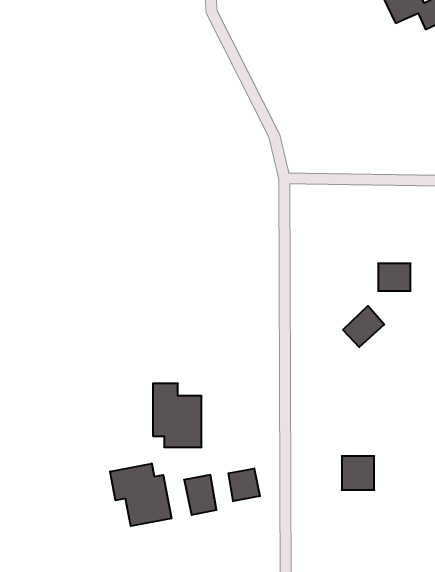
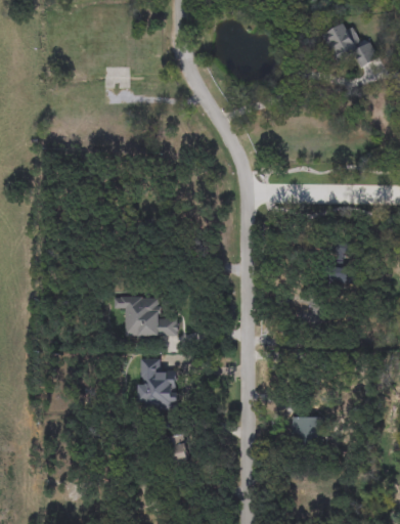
building: none -> [113,296,179,337]
building: [110,463,172,526] -> none
building: [229,468,260,501] -> none

